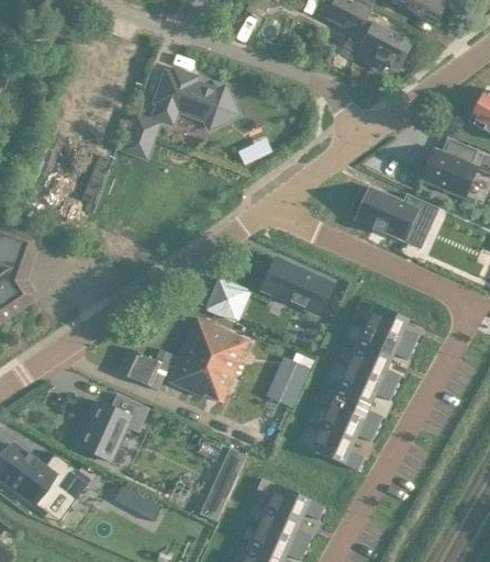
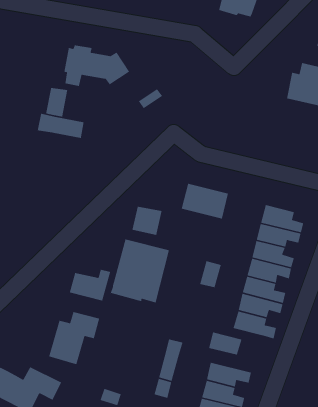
building: none -> [37,113,85,139]
building: [355,186,437,241] -> none
building: none -> [208,332,242,356]

